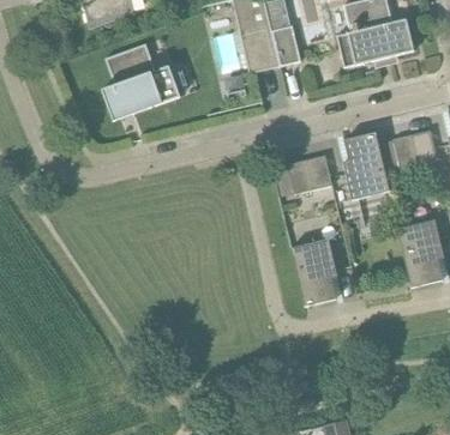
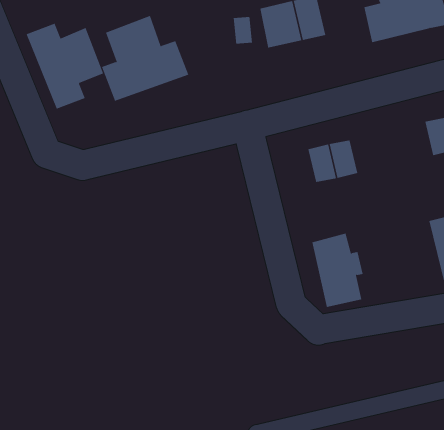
building: none -> [26,23,104,110]
building: [343,132,390,198] -> none

